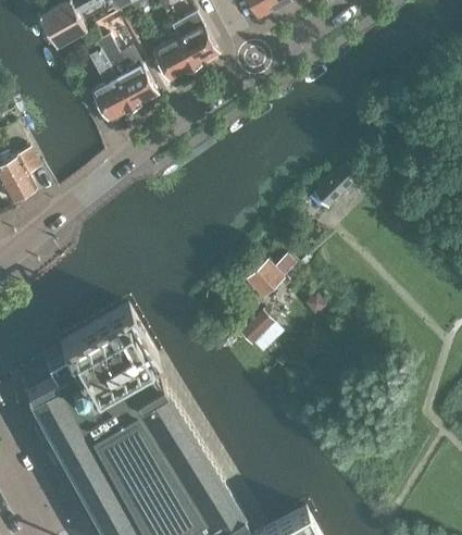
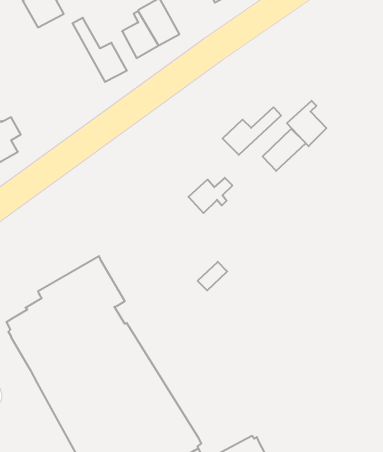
building: [88,41,134,122] -> none
building: none -> [287,101,326,146]
building: none -> [223,107,281,155]
building: [246,256,296,296] -> [188,178,232,213]

